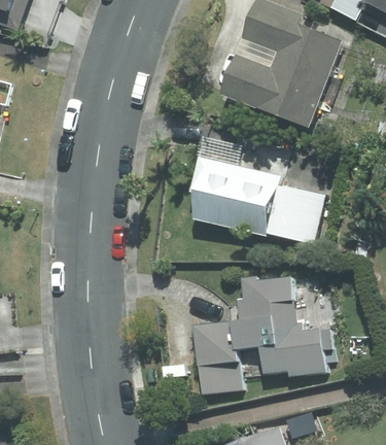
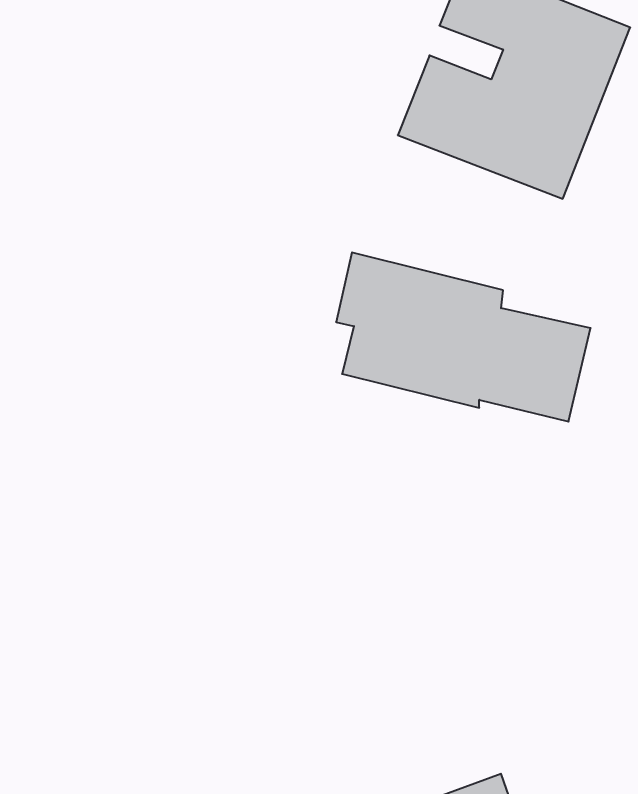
building: [191,274,329,395] -> none

